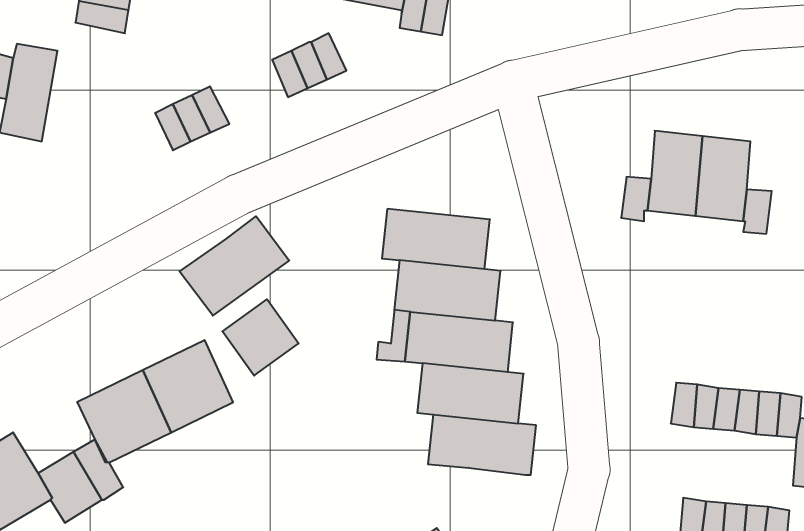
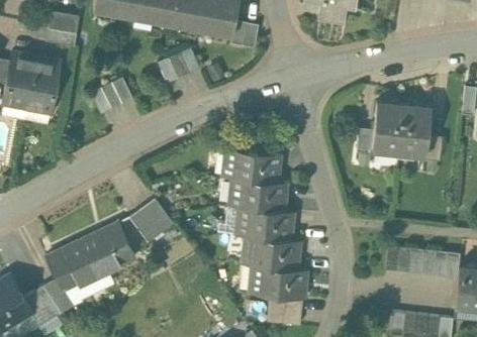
building: none -> [26,58,60,113]
building: [180,216,289,316] -> none
building: none -> [267,295,302,325]

